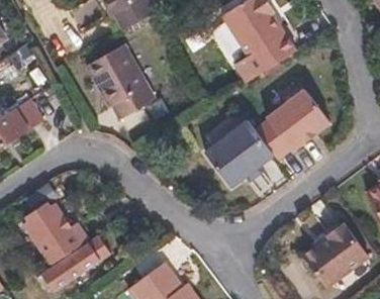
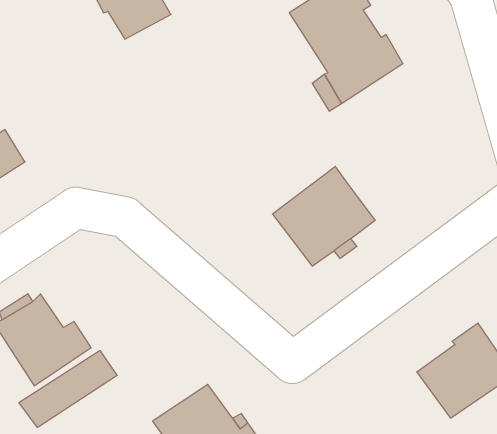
building: [89,42,155,118] -> none
building: [258,90,330,158] -> none

